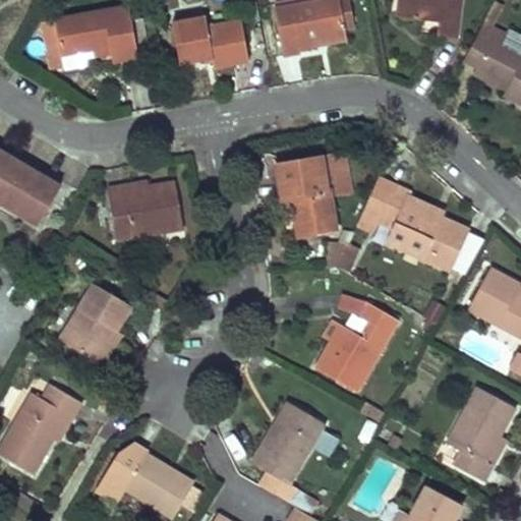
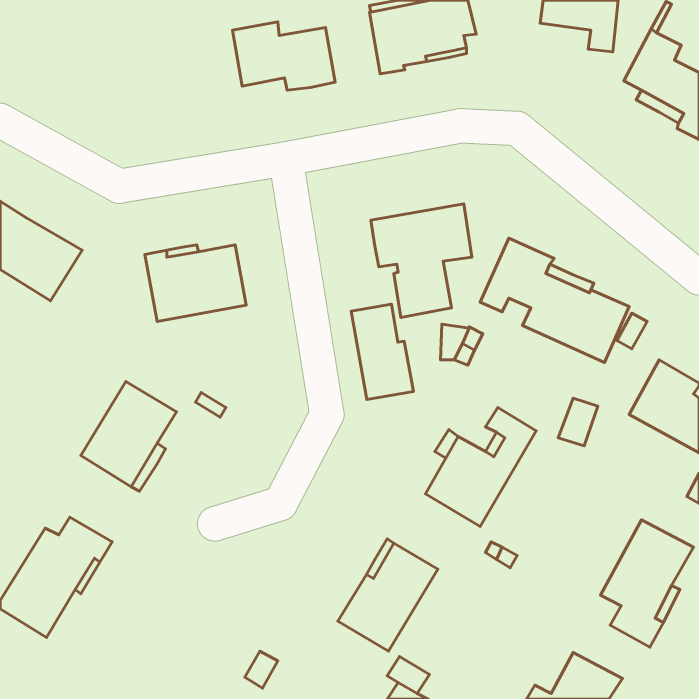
building: [43,6,138,71] -> none
building: none -> [351,304,414,399]
building: [98,443,192,516] -> none

